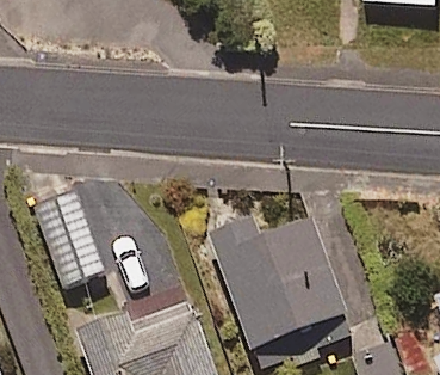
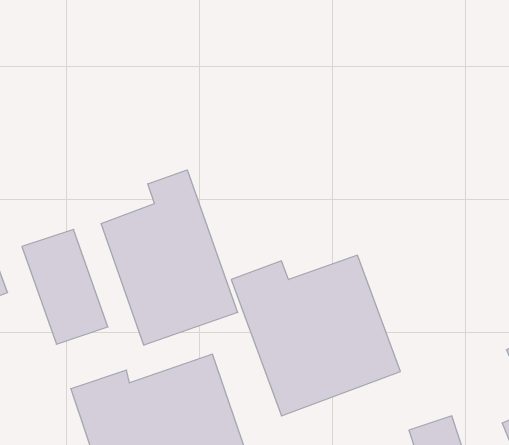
building: none -> [101,170,238,345]

